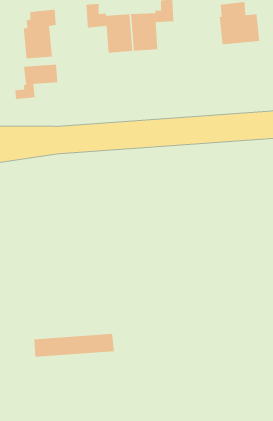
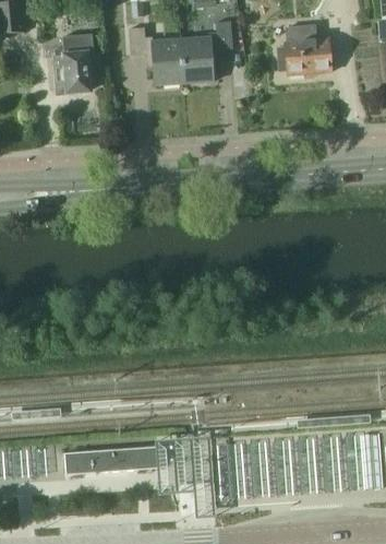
building: [14,64,58,100] -> none
building: [34,333,115,357] -> [64,446,159,474]

